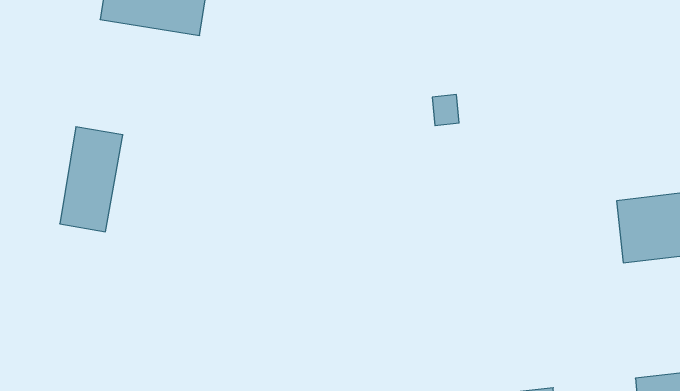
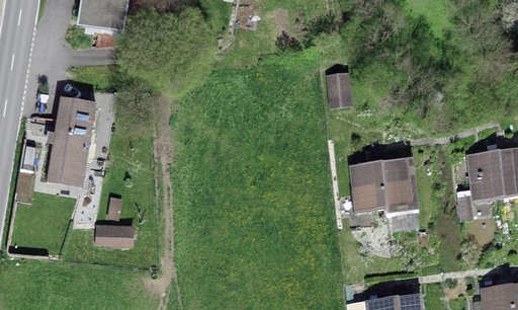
building: none -> [350,160,409,213]
building: none -> [95,222,137,245]

